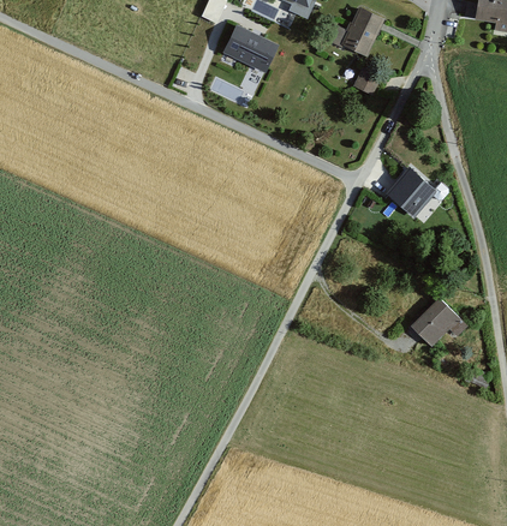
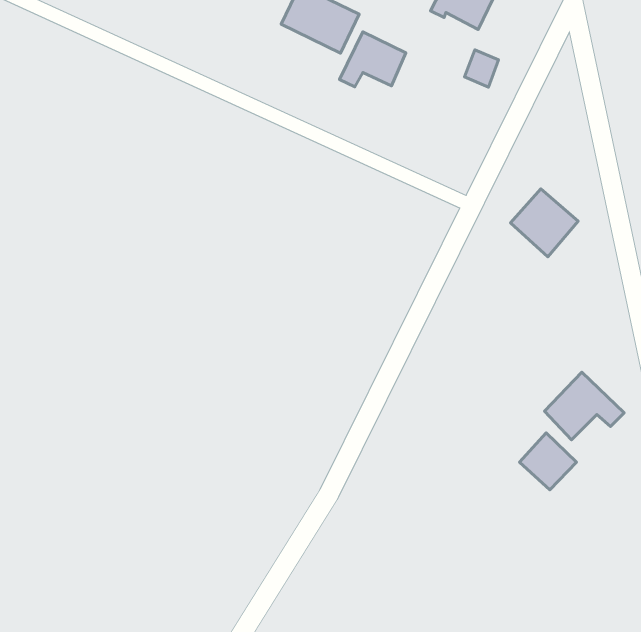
building: none -> [339,32,406,87]
building: none -> [520,433,577,490]

